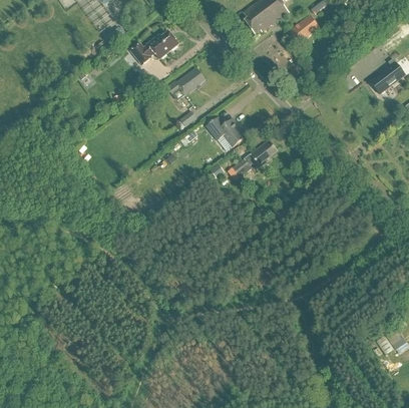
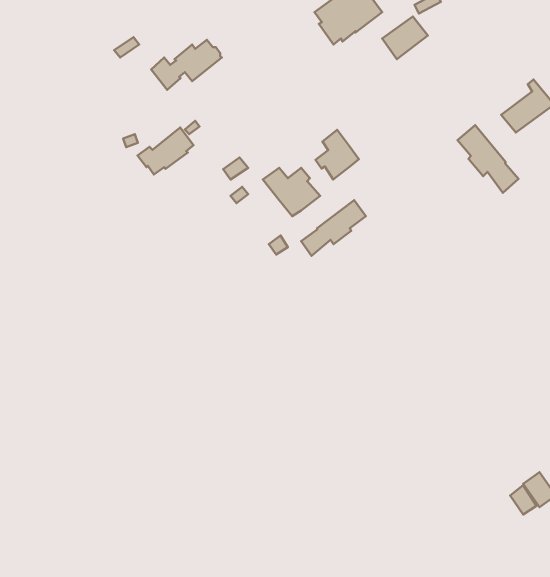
building: [166,67,204,99] -> [138,128,194,175]
building: none -> [457,125,519,193]
building: none -> [316,130,359,180]

